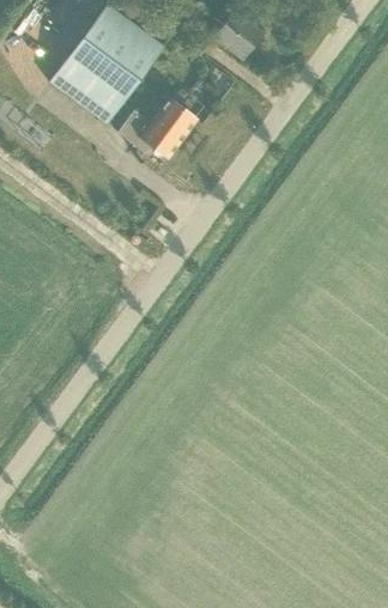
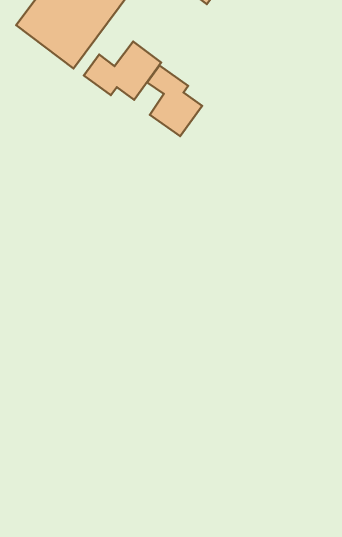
building: none -> [147,65,202,136]

